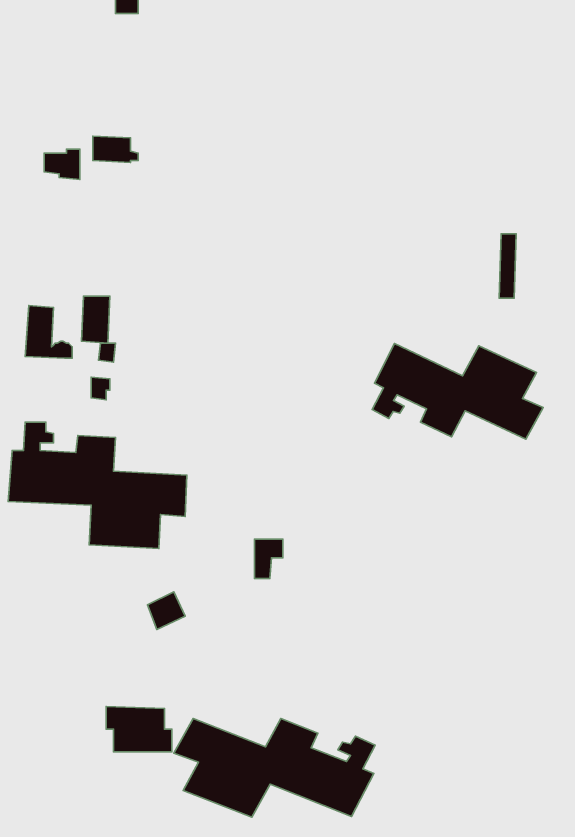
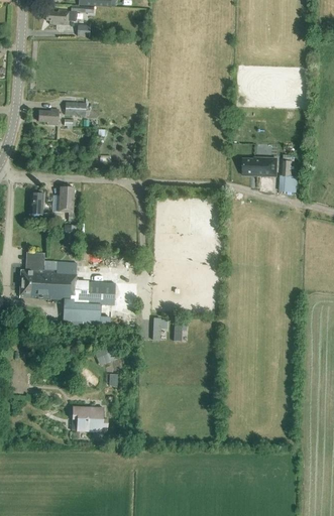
building: none -> [243,157,276,174]
building: [372,344,543,439] -> none
building: [174,719,375,817] -> none

